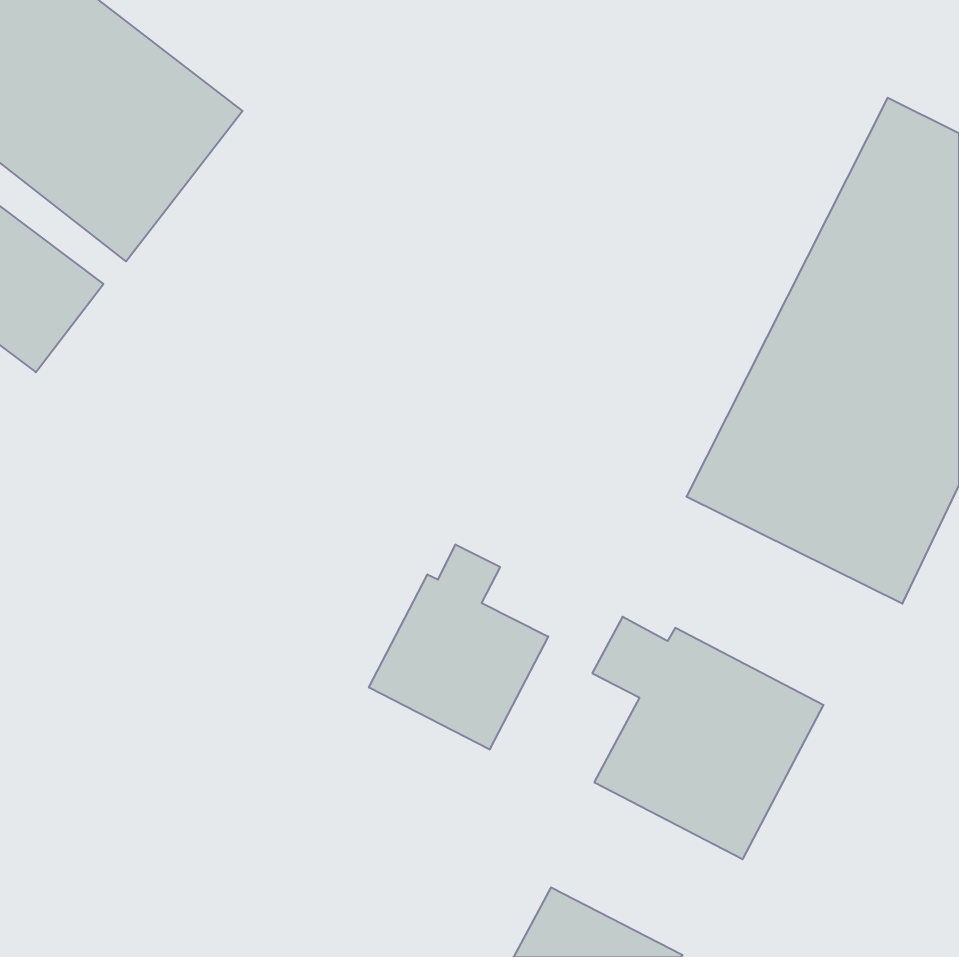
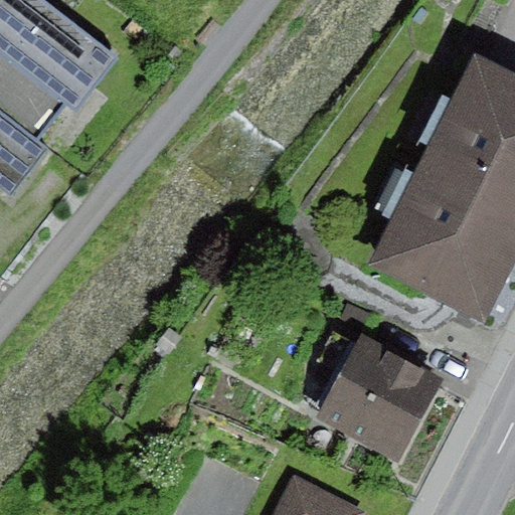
building: [369,544,548,750] -> none

